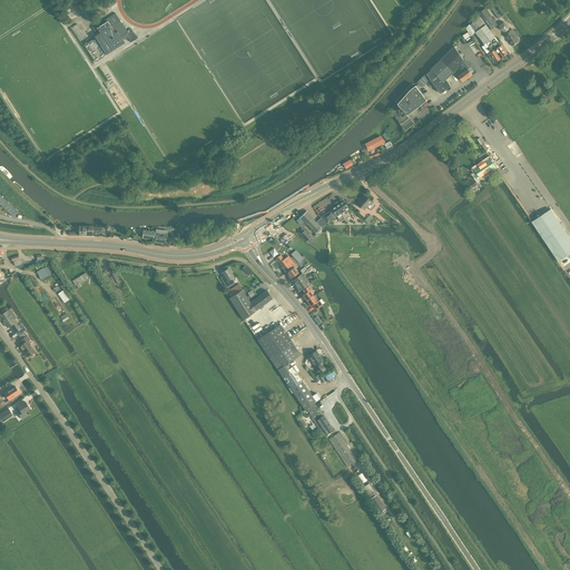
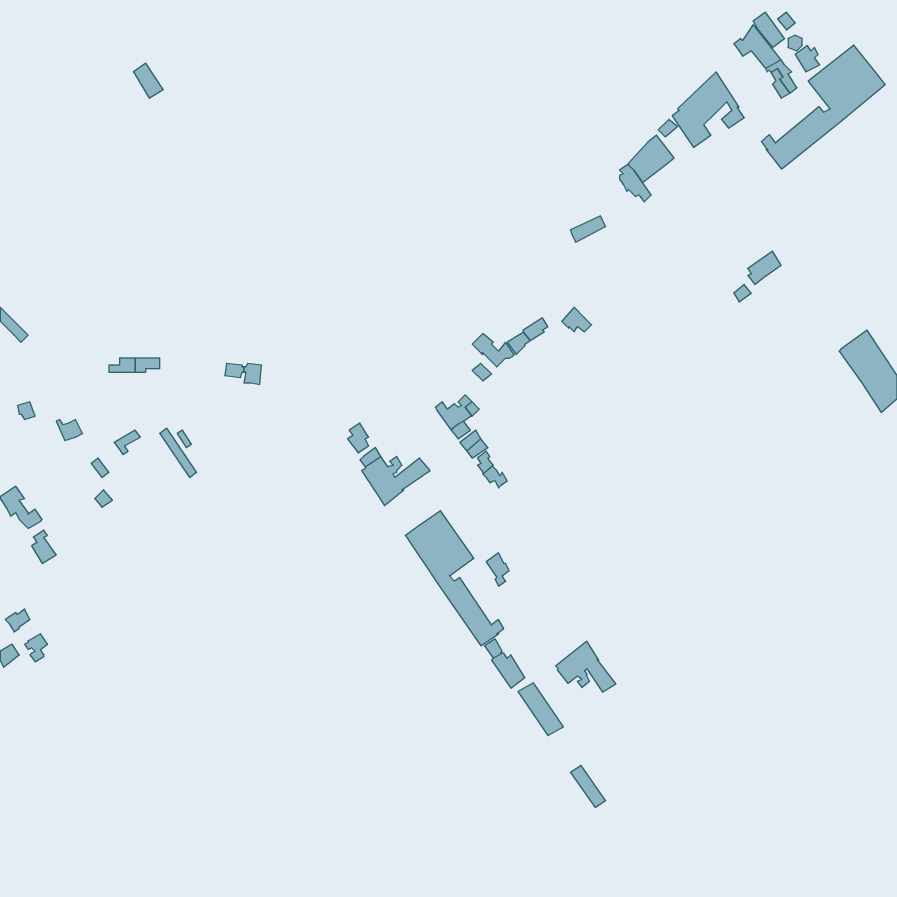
building: [92,13,137,55] -> none
building: none -> [762,45,885,169]
building: none -> [556,641,616,692]

